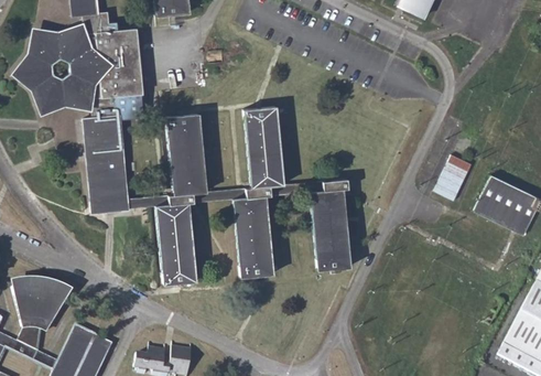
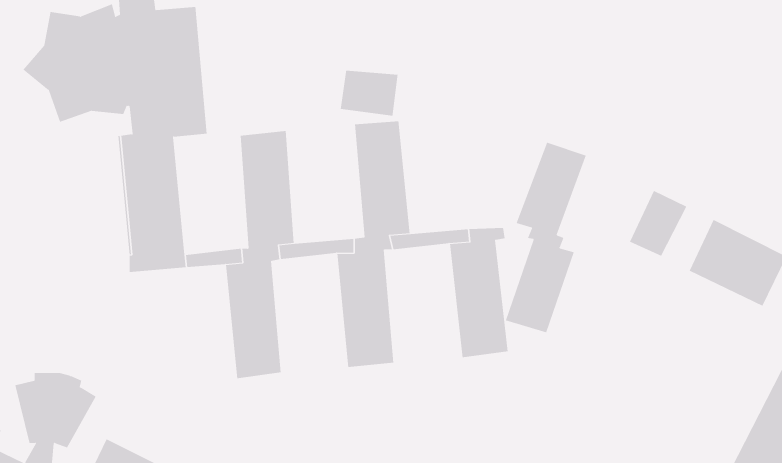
building: none -> [340,70,398,117]
building: none -> [505,142,586,333]

